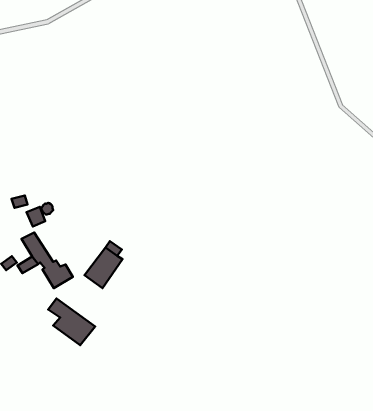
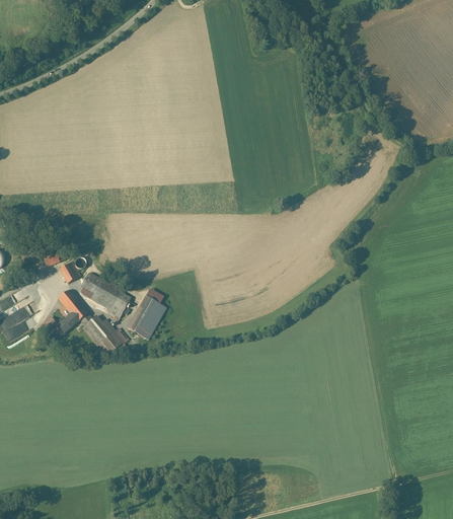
building: [48,299,95,345] -> [81,274,132,319]

